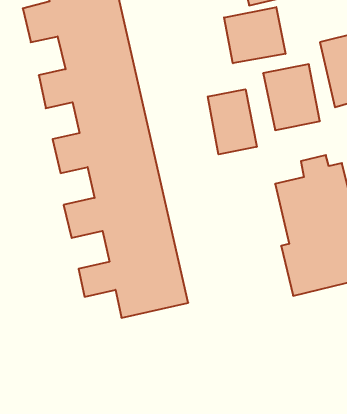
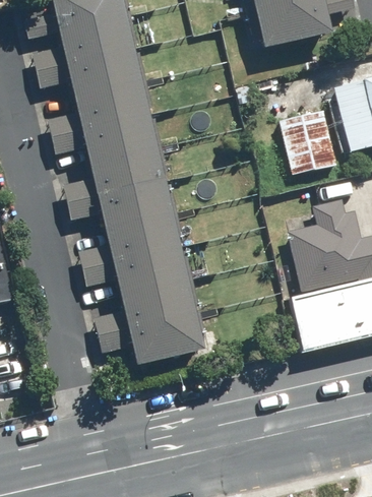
building: [224,7,285,63] -> none
building: [208,89,257,154] -> none

